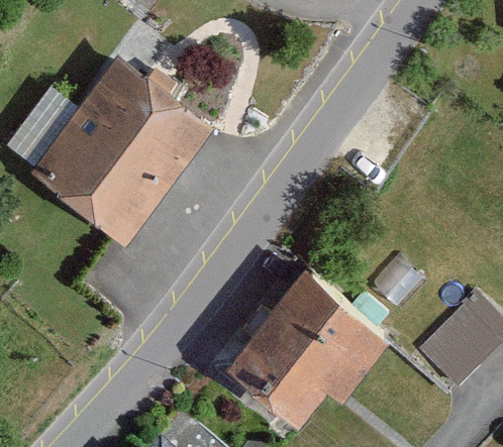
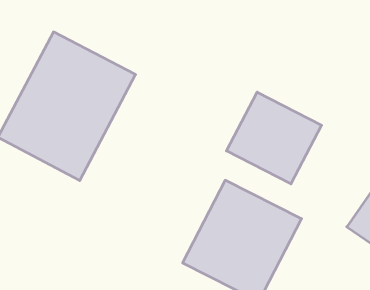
building: none -> [226,92,322,184]

